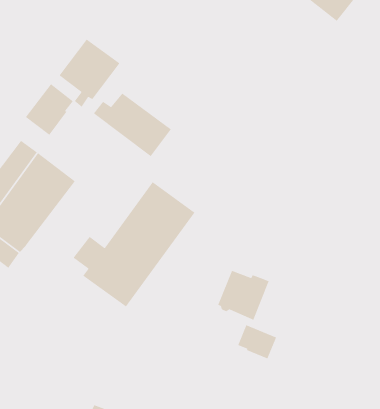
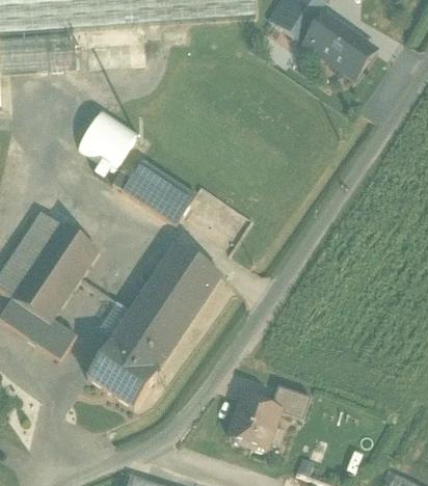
building: [25,83,74,136] -> none
building: none -> [36,316,76,355]
building: [217,270,270,321] -> [226,398,278,448]
building: none -> [88,343,156,405]

